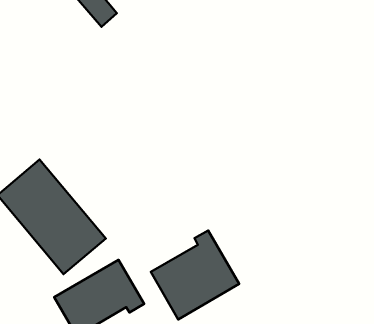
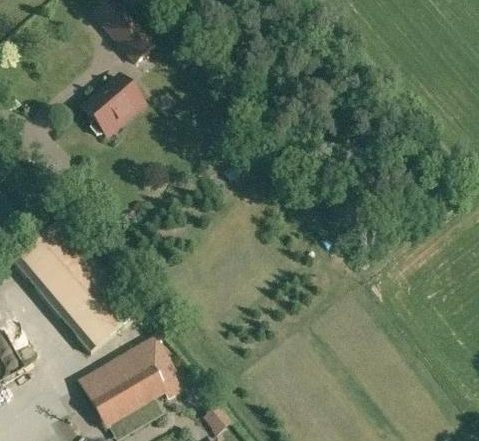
building: none -> [83,75,144,135]
building: [151,230,239,319] -> none

